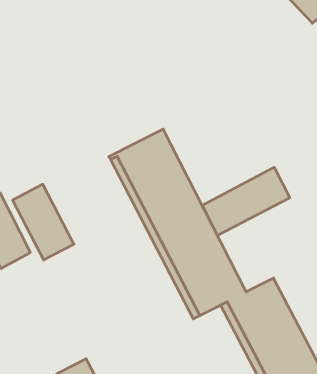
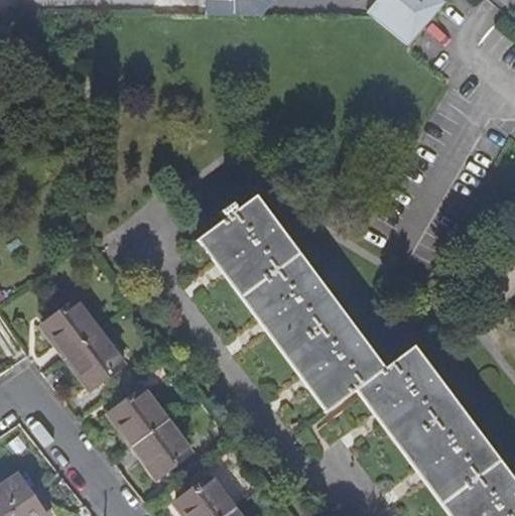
building: [203,167,290,235] -> none
building: [13,184,74,260] -> [114,388,194,476]

